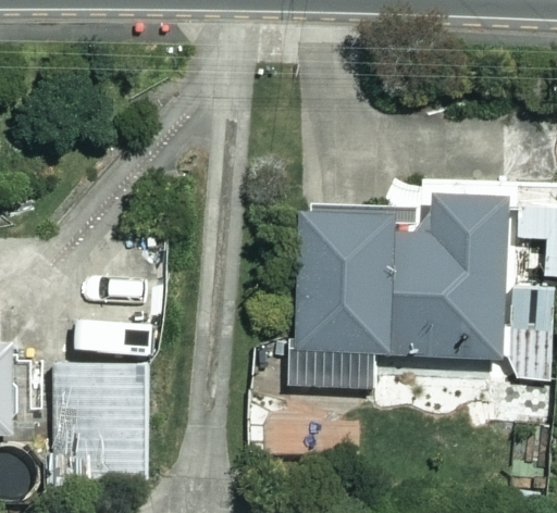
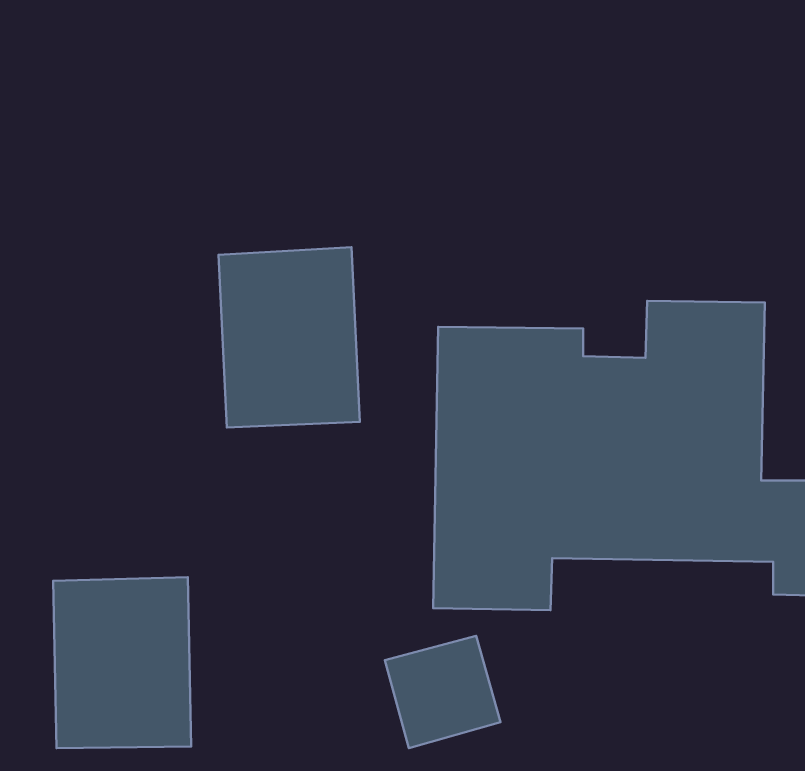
building: none -> [219,247,360,427]

